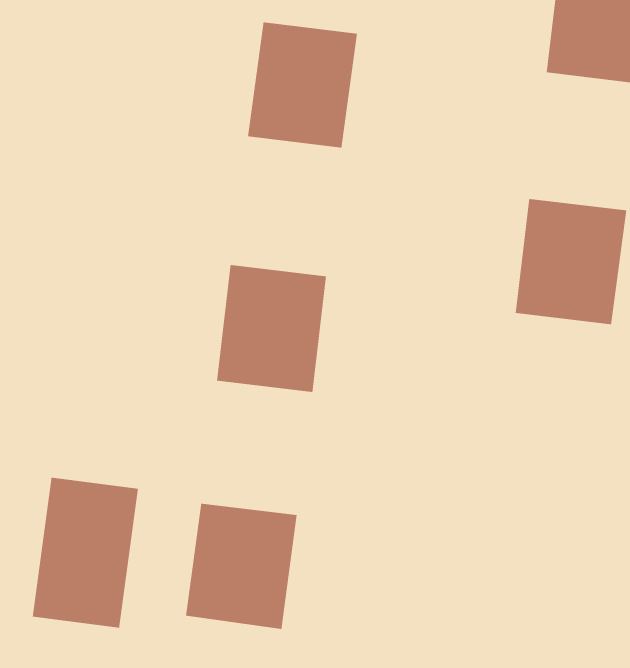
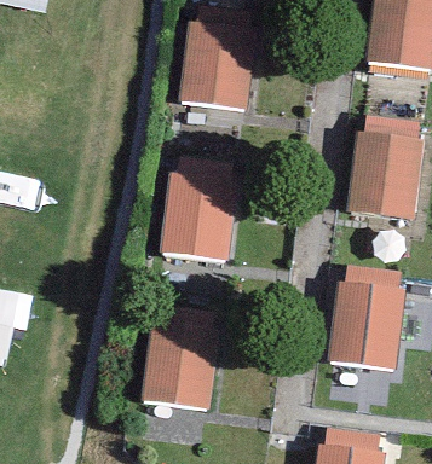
building: none -> [330,285,401,365]
building: [32,477,139,629] -> none

